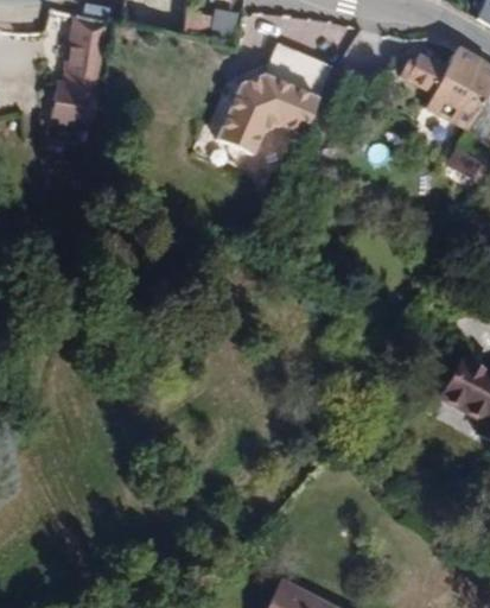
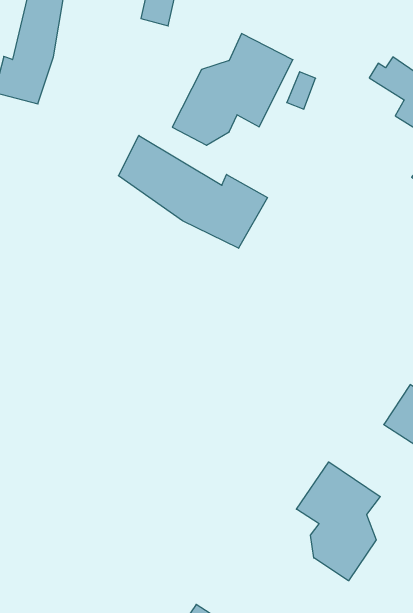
building: none -> [118,135,267,248]
building: none -> [296,462,380,581]

